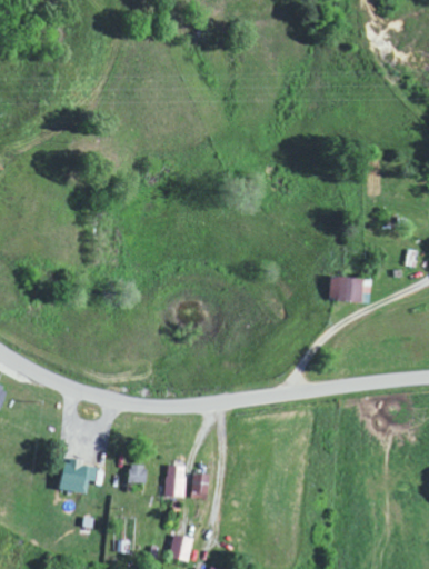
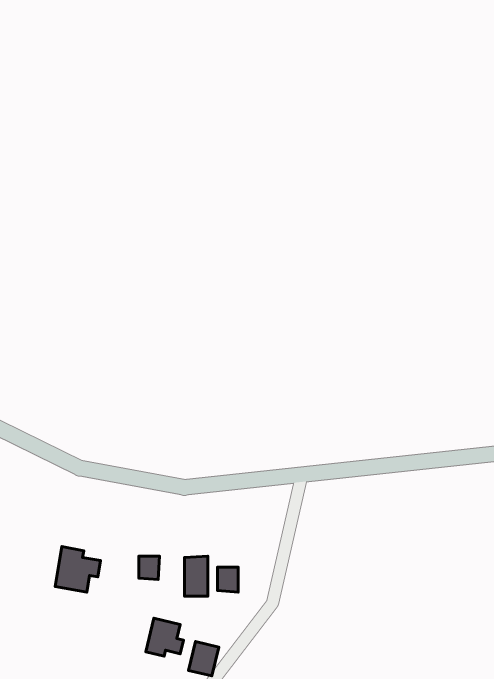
building: [330,276,363,301] -> none
building: none -> [146,618,184,656]

